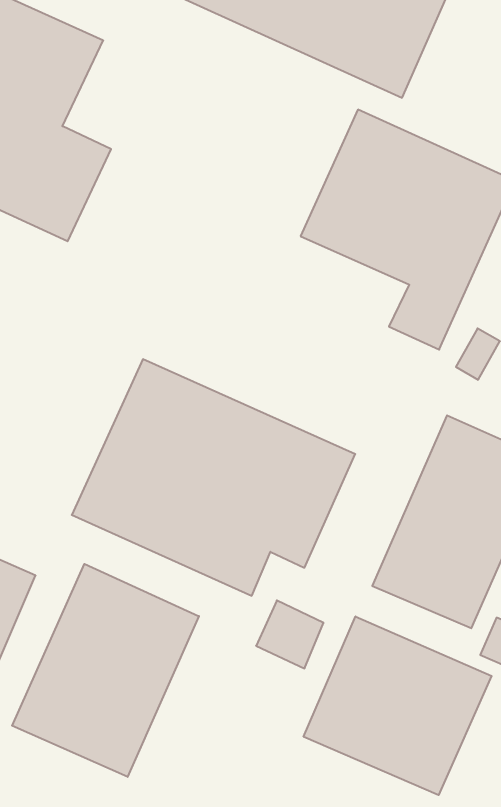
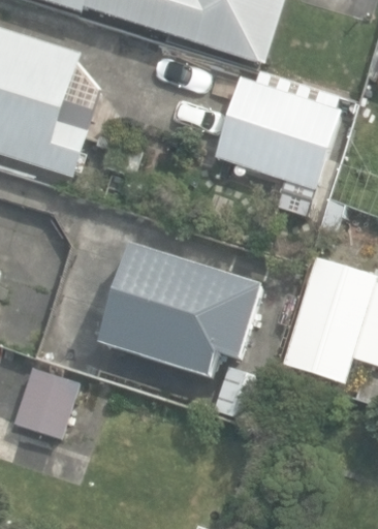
building: [12,564,199,777] -> none
building: [304,616,492,795] -> none

